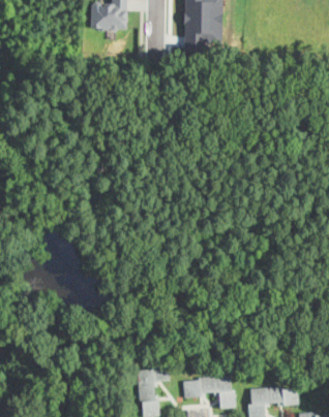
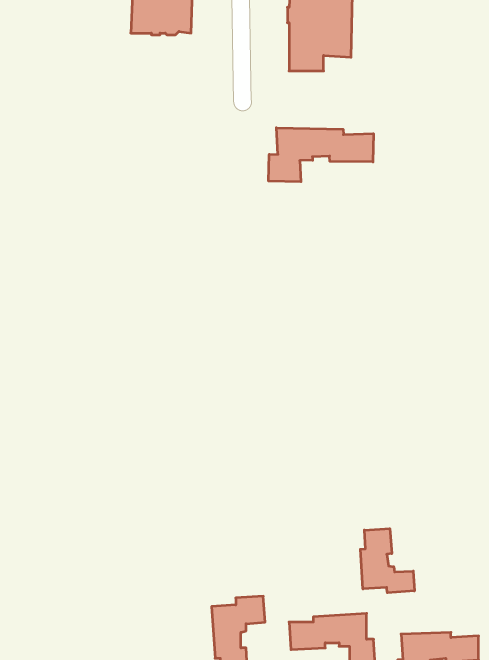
building: none -> [269,128,373,182]
building: none -> [360,529,414,593]

